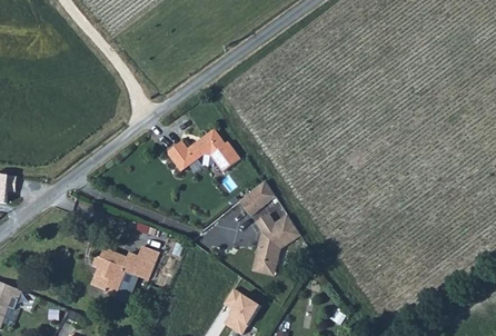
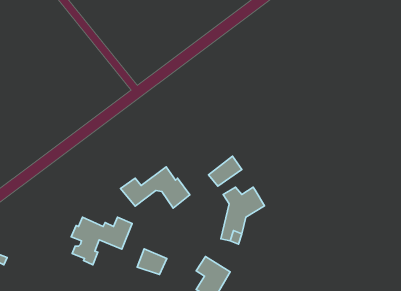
building: [165,128,239,172] -> [121,167,190,208]
building: none -> [137,249,167,275]

